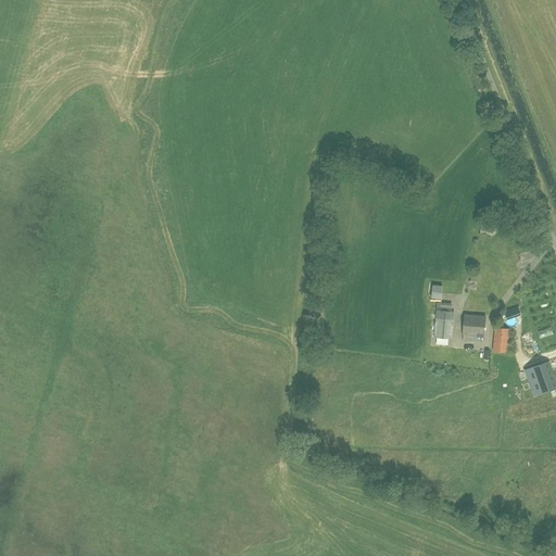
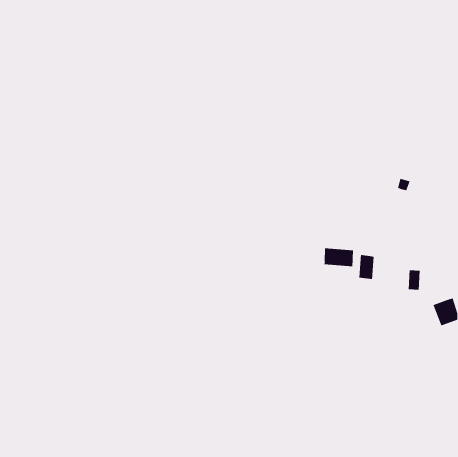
building: none -> [324,248,353,267]
building: [463,315,485,341] -> none

